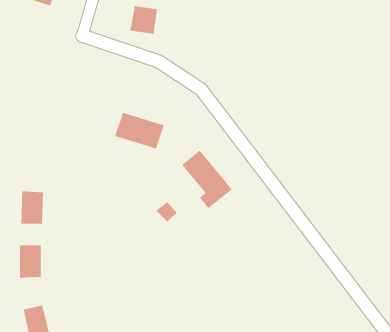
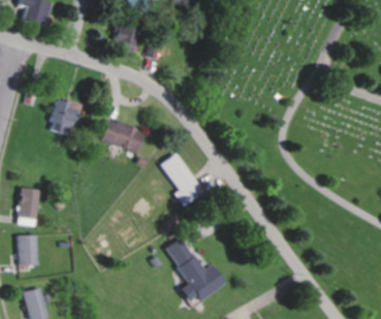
building: none -> [49,98,80,135]
building: none -> [166,236,226,301]

